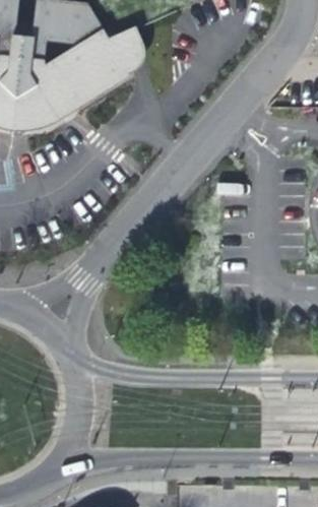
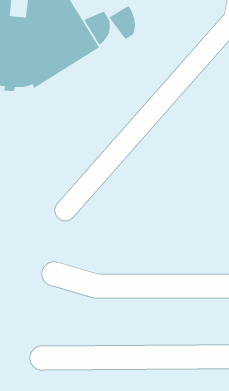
building: none -> [108,5,136,40]

